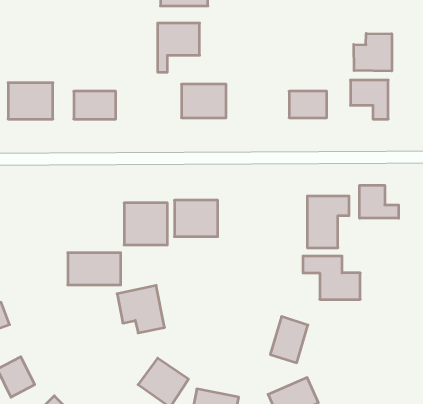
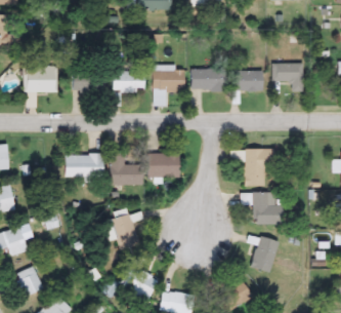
building: [158,23,200,72] -> [113,69,143,105]
building: [354,33,392,71] -> none
building: none -> [190,68,224,90]
building: [360,185,399,218] -> none
building: [68,253,121,285] -> [65,153,103,177]
building: [270,317,308,363] -> [250,239,278,273]

